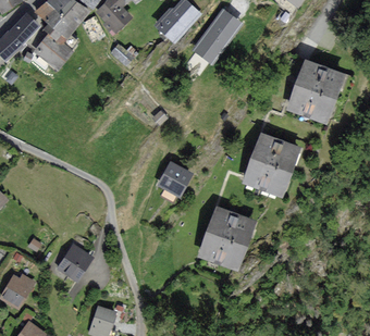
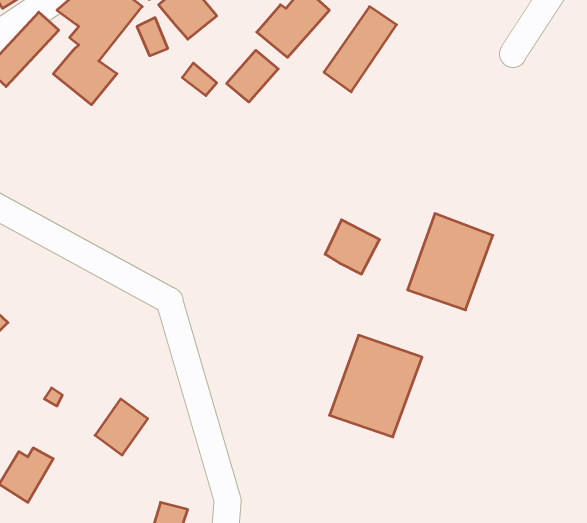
building: none -> [227,50,278,102]
building: [288,61,342,120] -> none
building: [159,162,192,195] -> [325,220,380,274]

